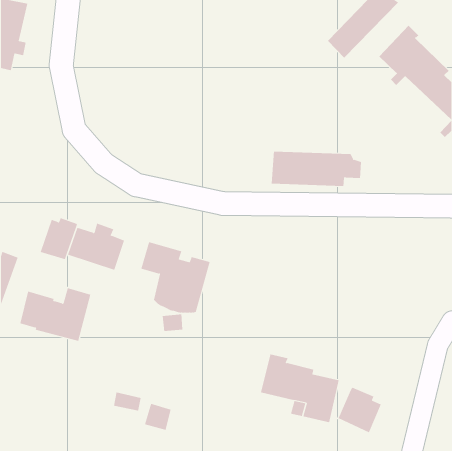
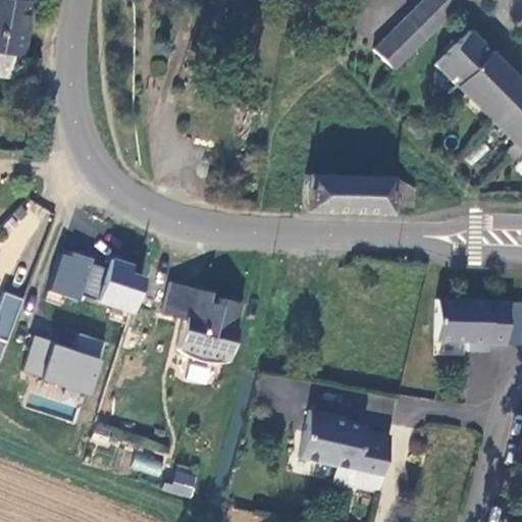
building: none -> [435,298,509,351]
building: [338,387,382,433] -> none

